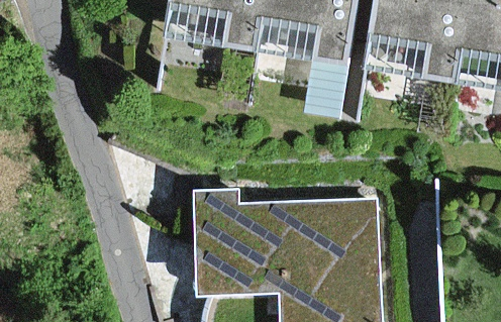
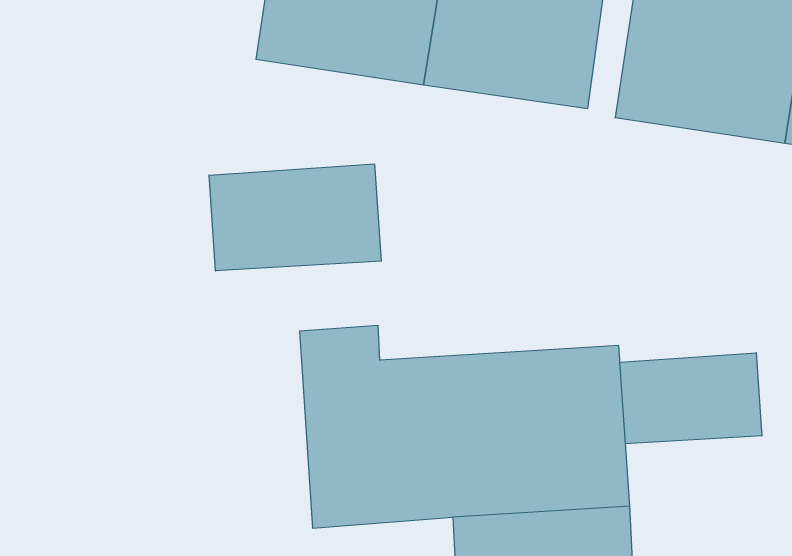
building: none -> [209,164,381,271]
building: none -> [620,353,762,444]

